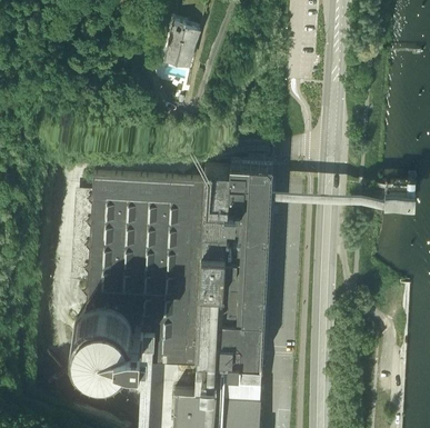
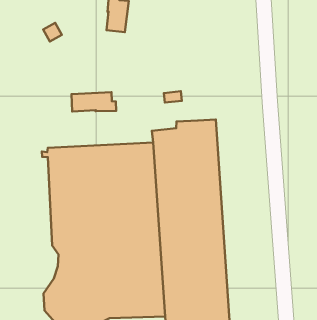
building: none -> [71,92,116,112]

